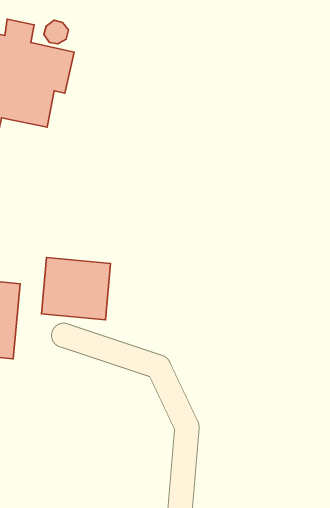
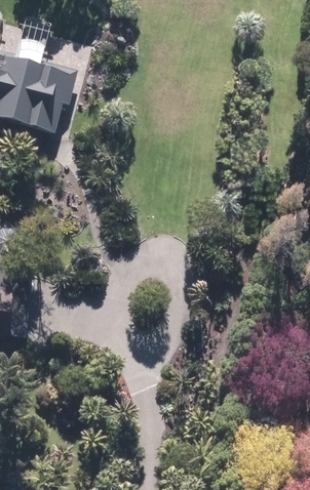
building: [41,257,111,320] -> none

